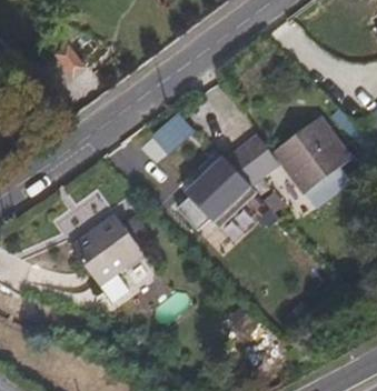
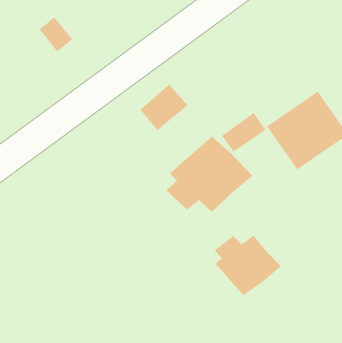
building: [69,213,148,290] -> none
building: none -> [214,235,282,296]

